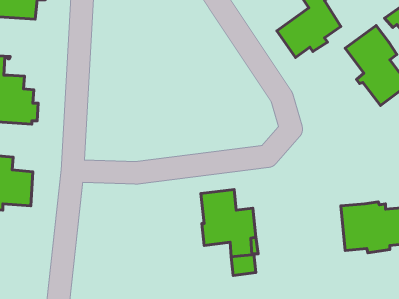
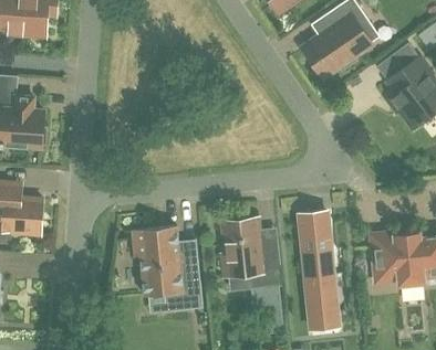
building: none -> [299,211,336,317]
building: none -> [132,226,203,310]

